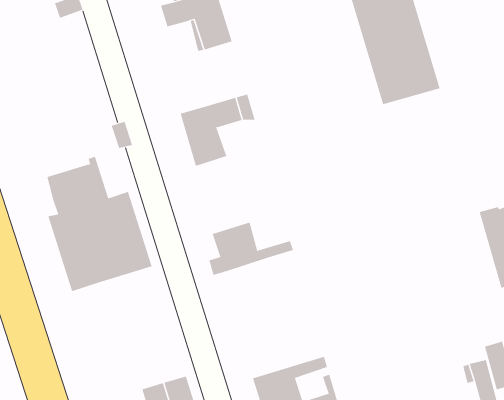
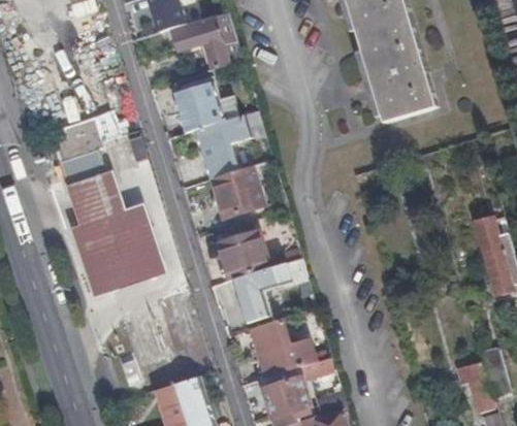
building: none -> [171,76,233,132]
building: none -> [51,118,105,190]
building: none -> [211,166,261,218]
building: none -> [233,260,303,322]
building: none -> [249,319,314,380]

